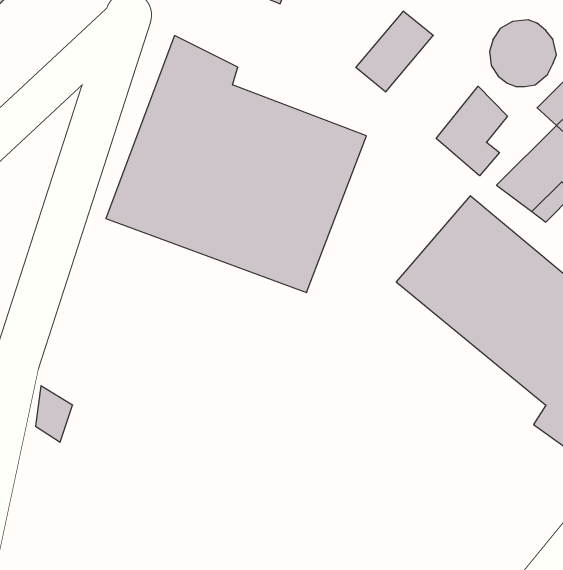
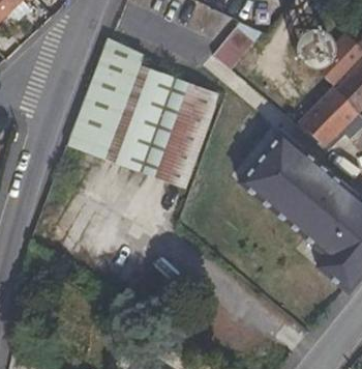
building: [436,86,507,176] -> none

